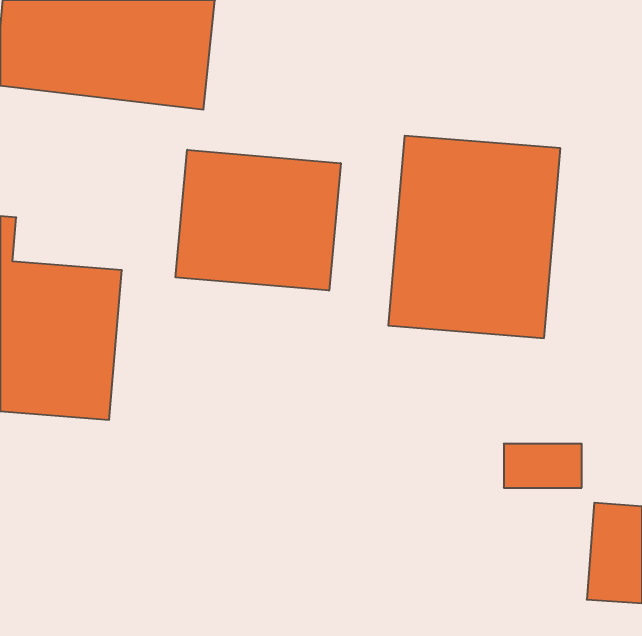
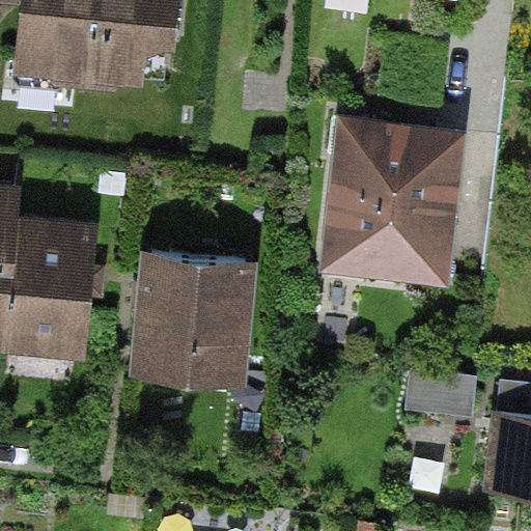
building: [176,150,341,291] -> none
building: none -> [134,249,254,379]

